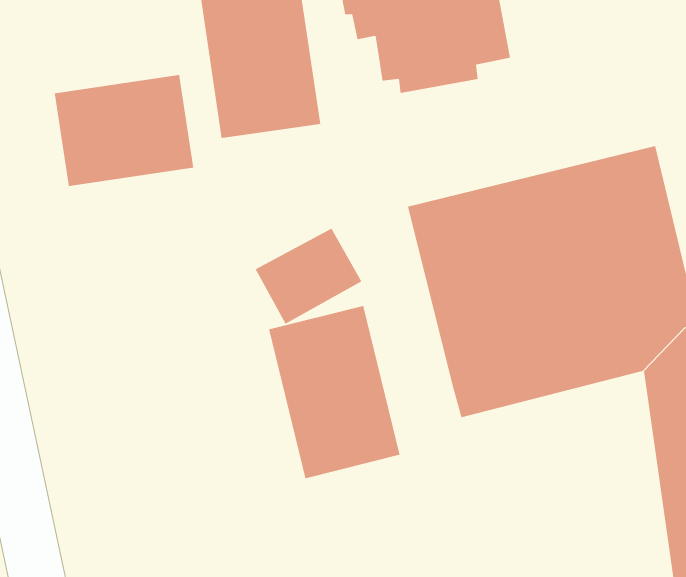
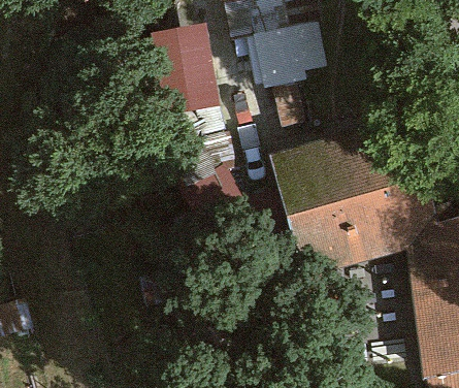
building: [54,74,194,187] -> none
building: [268,305,400,479] -> none

